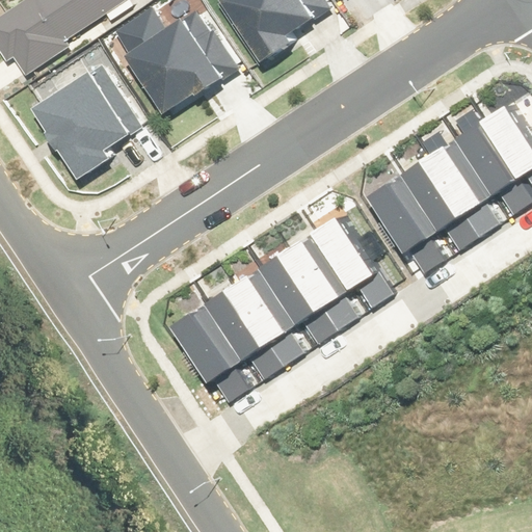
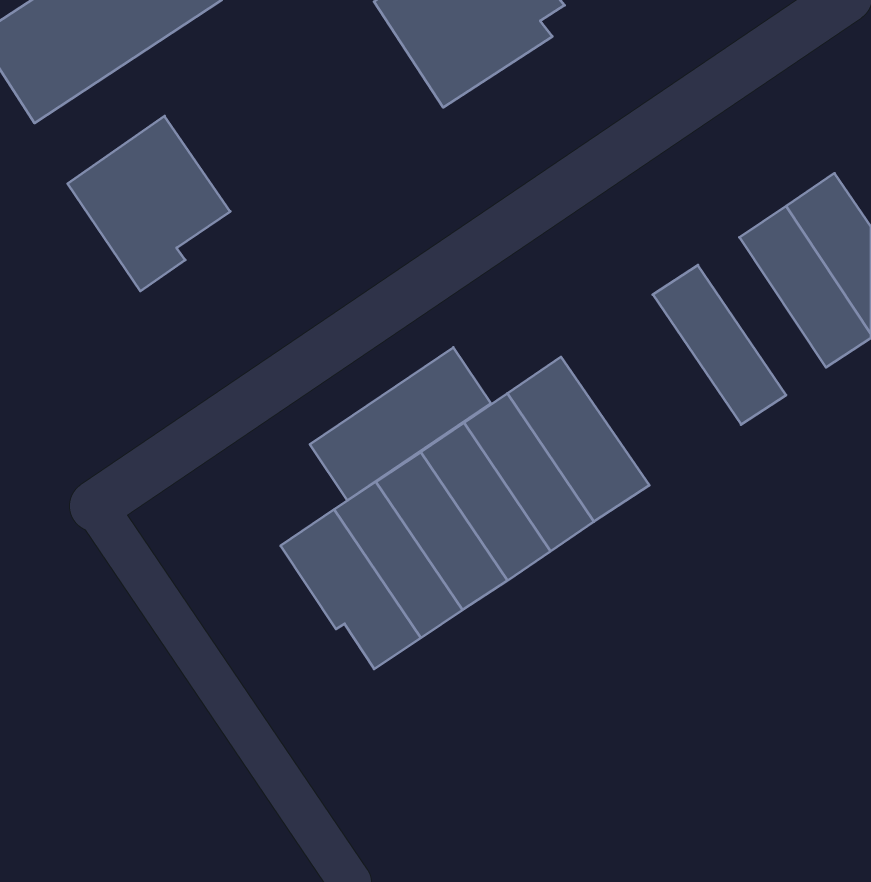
building: [116,9,234,110] -> none
building: [419,142,496,237] -> none
building: [362,177,445,275] -> none
building: none -> [310,347,491,500]

